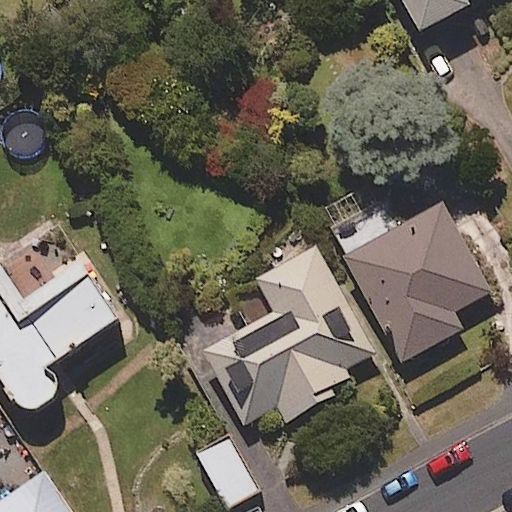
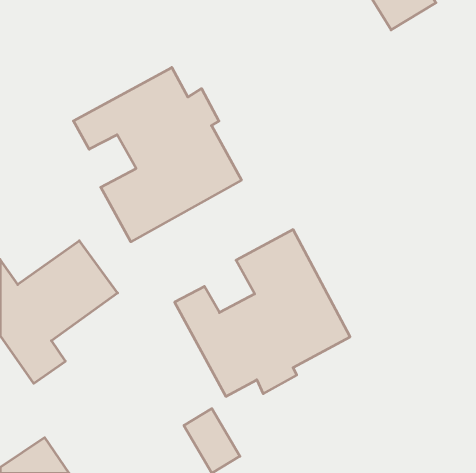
building: none -> [73,67,241,242]
building: [316,178,491,363] -> none

